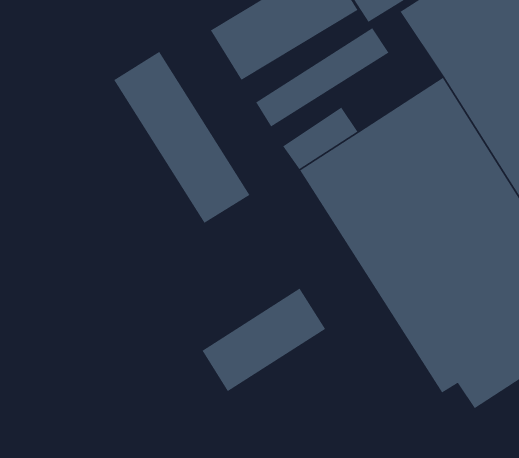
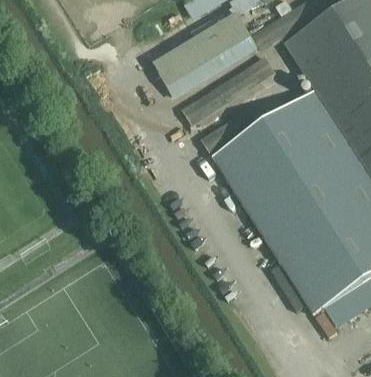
building: [113,51,251,224] -> none
building: [201,287,326,392] -> none

